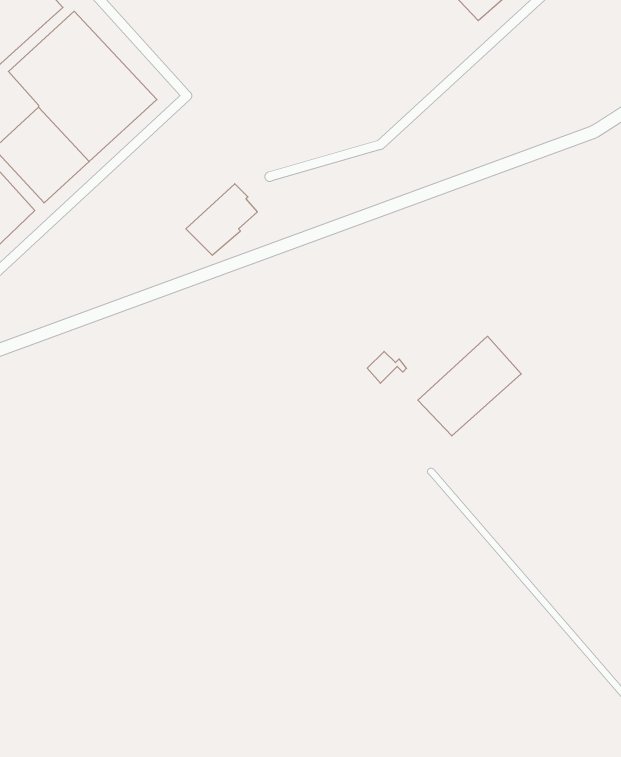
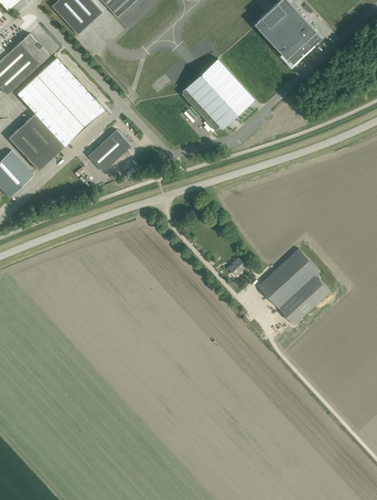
building: none -> [181,58,254,130]
building: [186,184,257,255] -> [87,129,129,171]
building: none -> [278,274,330,325]

